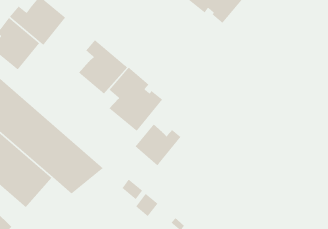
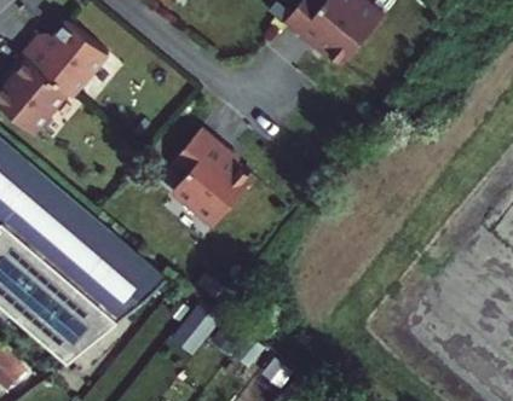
building: [78,39,128,95] -> none
building: [135,124,182,166] -> none
building: none -> [46,295,115,361]

